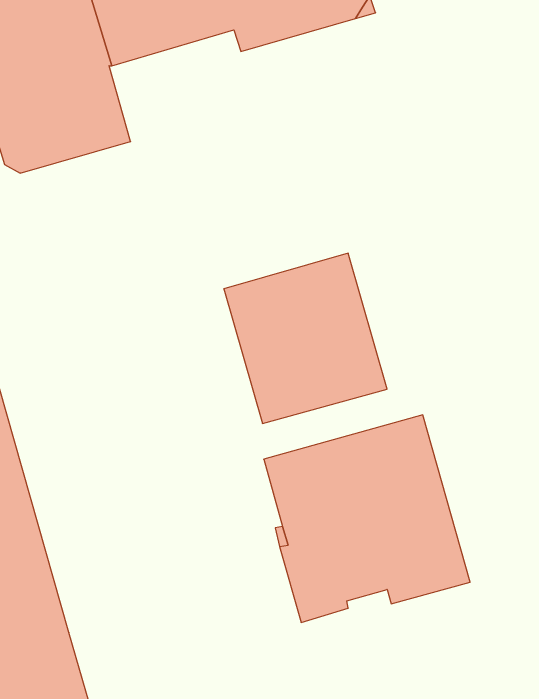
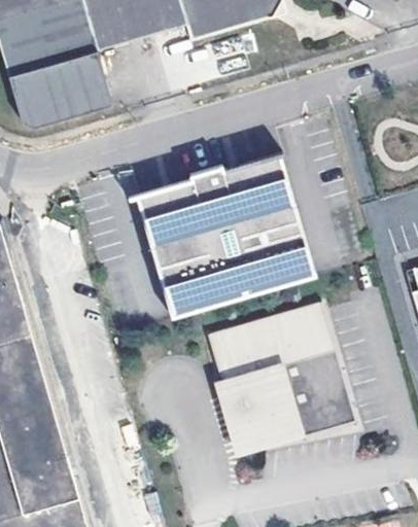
building: none -> [139,153,319,316]

